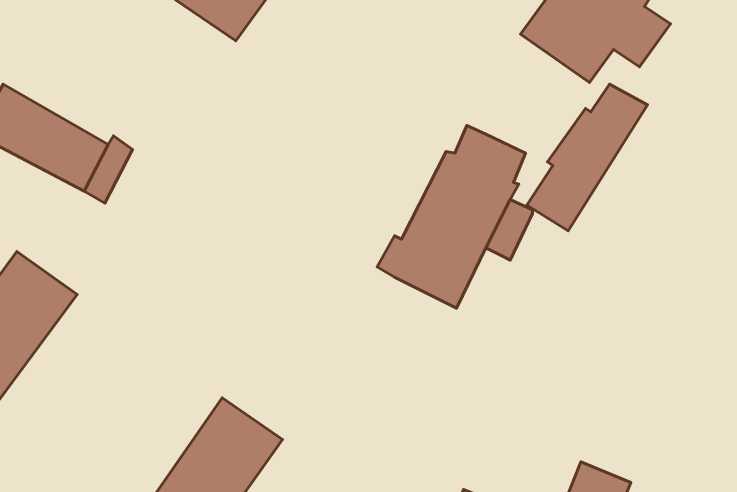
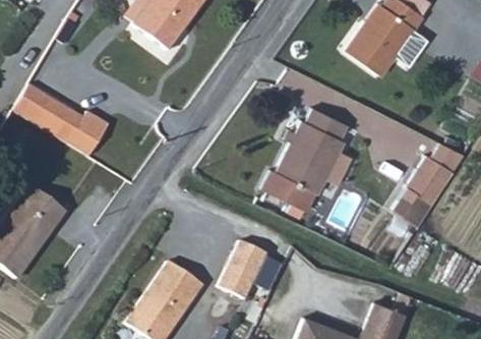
building: [527,84,648,231] -> [394,142,465,228]
building: none -> [216,241,263,298]

